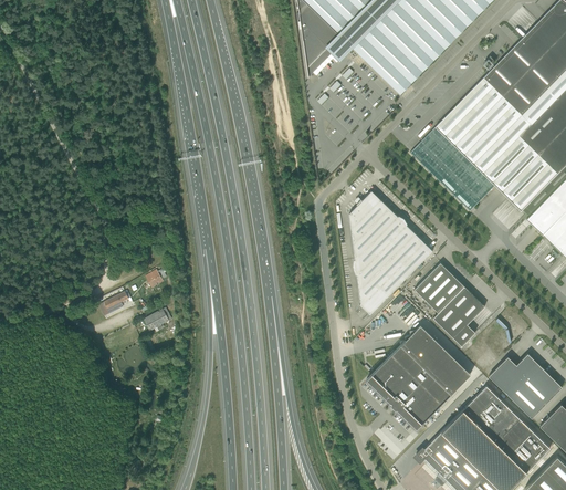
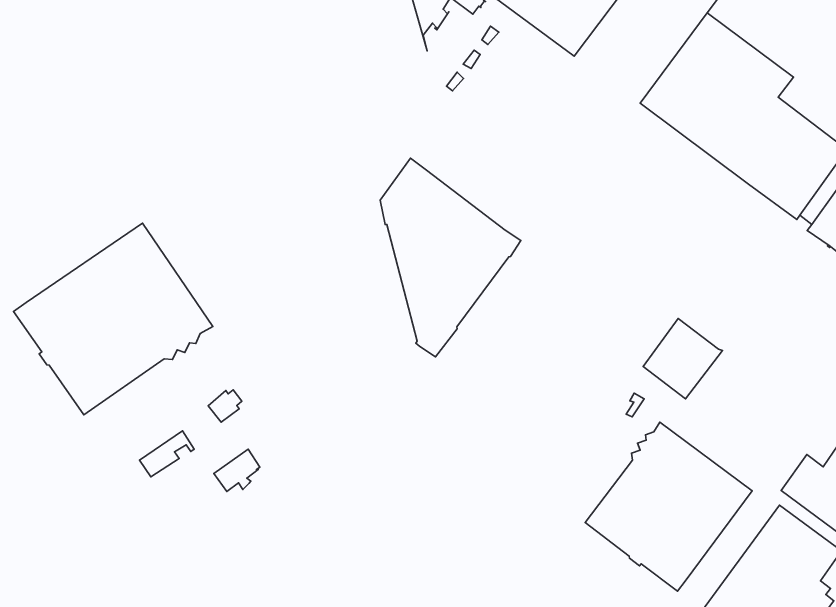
building: [410,127,494,210] -> none
building: none -> [13,223,213,415]
building: [349,190,432,314] -> [380,158,521,357]
building: [433,285,484,346] -> none

